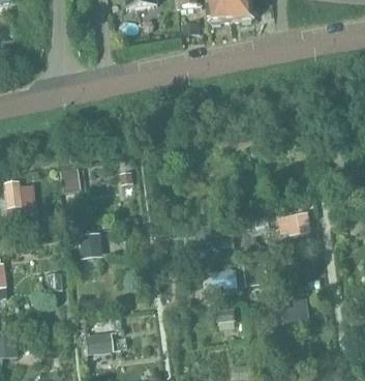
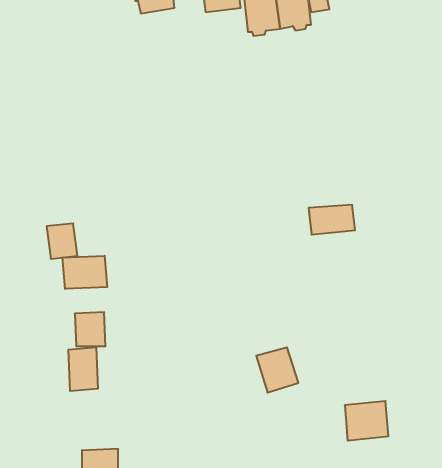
building: none -> [62,256,107,289]
building: [278,212,312,234] -> [309,205,355,235]
building: none -> [68,347,98,391]

